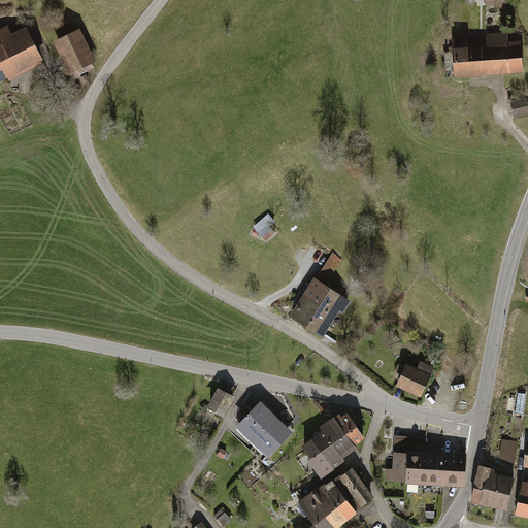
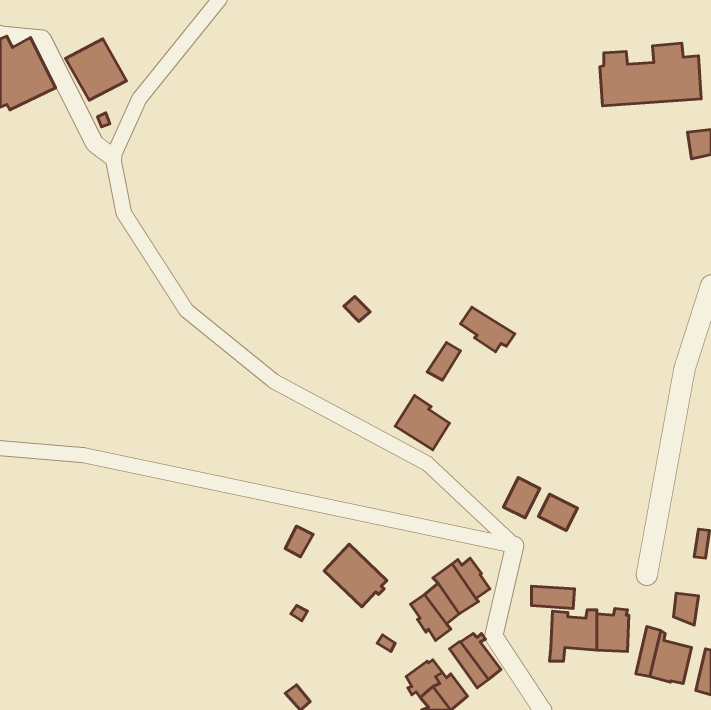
building: [307,280,348,314] -> [461,307,515,352]
building: none -> [503,478,540,518]
building: [394,452,409,480] -> none
building: [321,481,354,516] -> none

